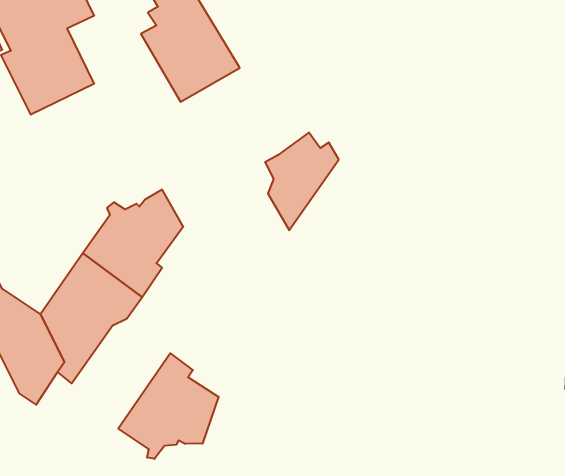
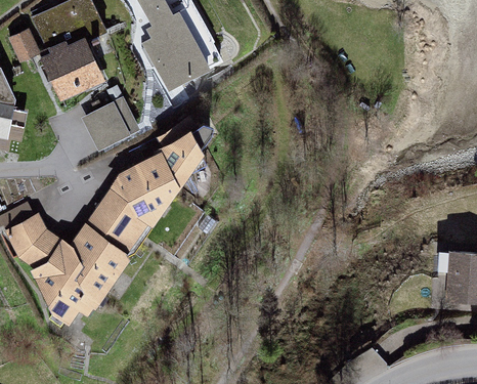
building: none -> [82,98,139,152]
building: [265,133,339,230] -> [154,112,207,182]
building: [118,353,219,459] -> none

